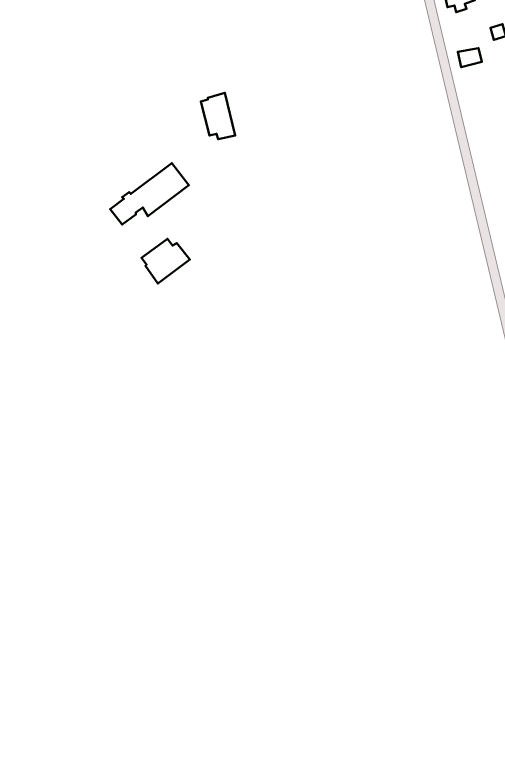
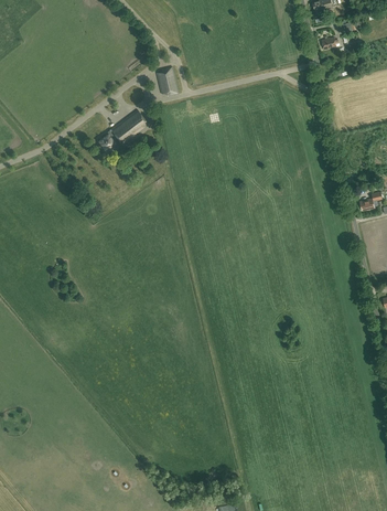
building: [142,239,190,284] -> none

